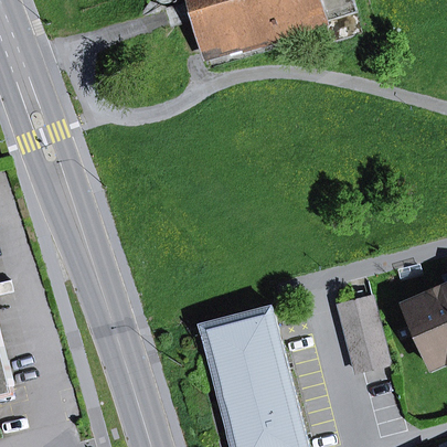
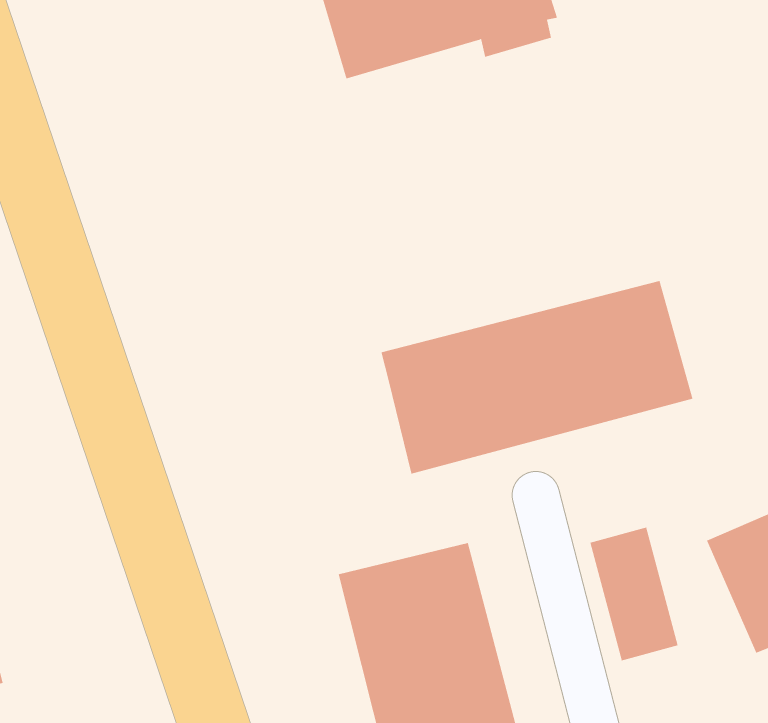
building: none -> [381,280,693,474]

